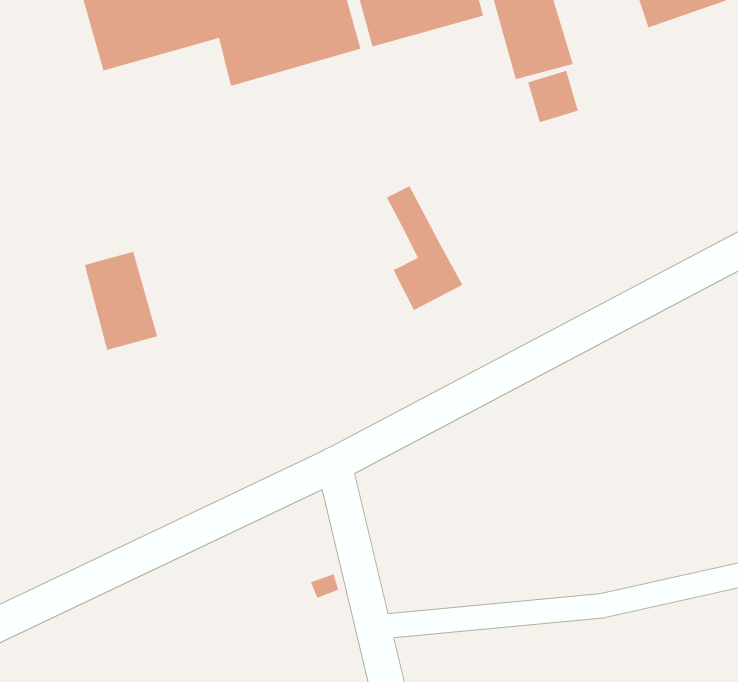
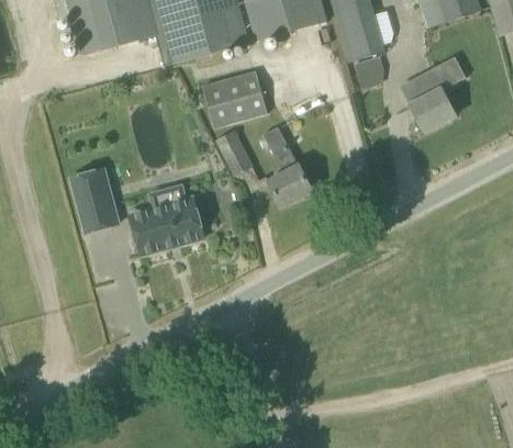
building: none -> [401,57,466,132]
building: none -> [201,70,267,127]
building: none -> [216,132,252,177]
building: none -> [130,183,204,255]

